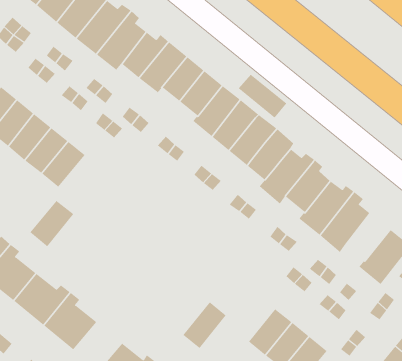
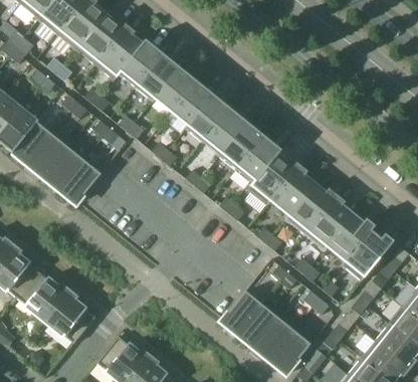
building: [238,74,287,119] -> none
building: [29,200,74,247] -> [59,160,101,204]
building: none -> [329,214,376,259]
building: [183,302,227,349] -> [221,291,262,335]

